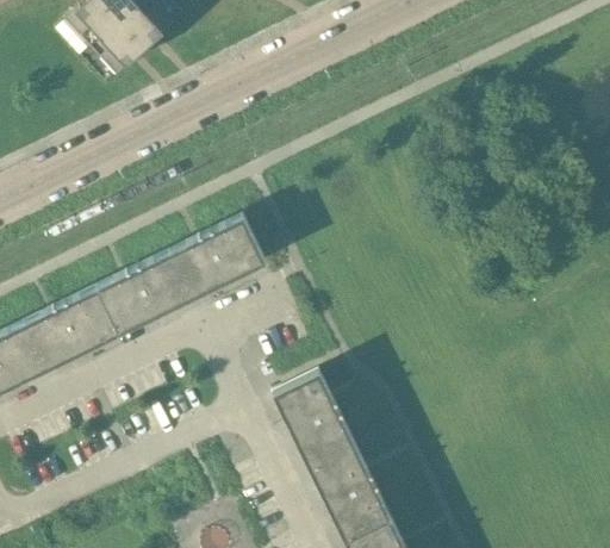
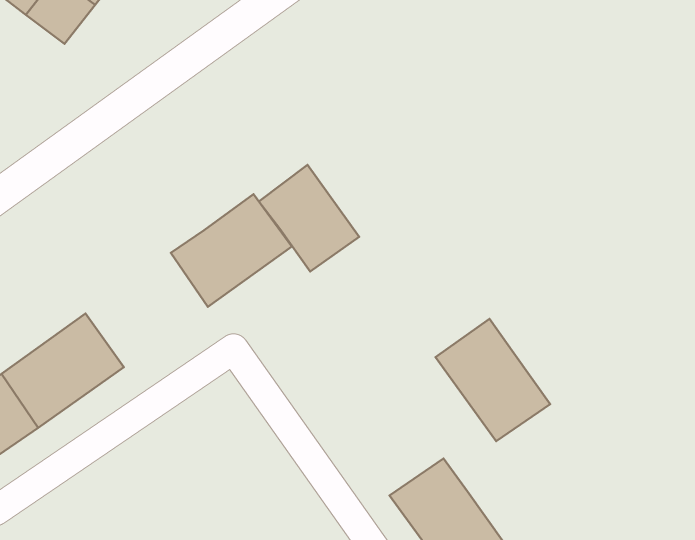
building: none -> [259,165,359,272]
building: [98,251,193,334] -> none
building: [273,372,355,467] -> [436,319,550,441]

